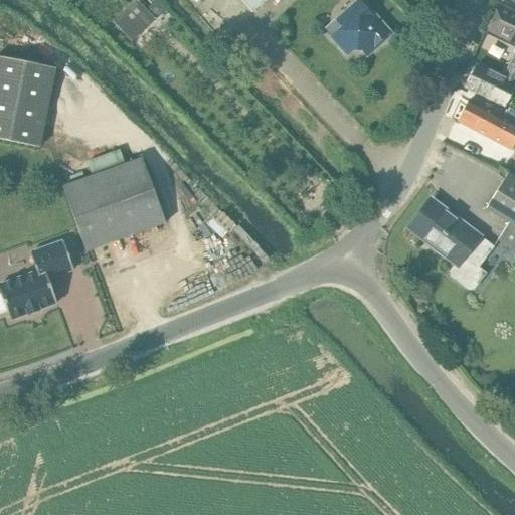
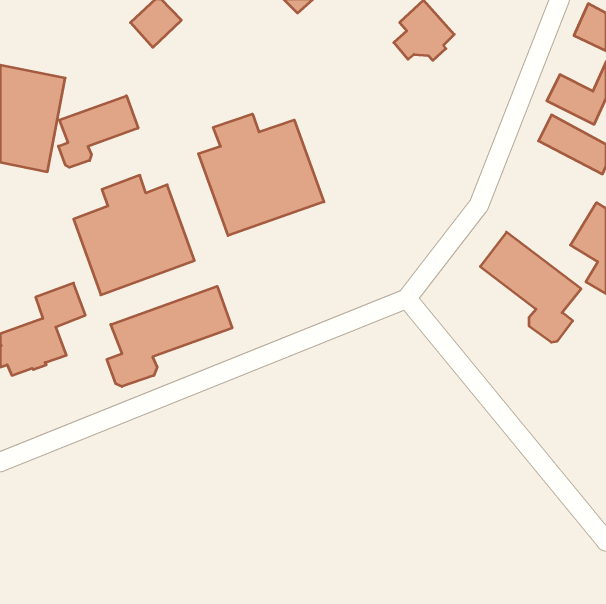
building: none -> [58,96,138,167]
building: none -> [198,114,324,236]
building: none -> [107,286,232,387]

